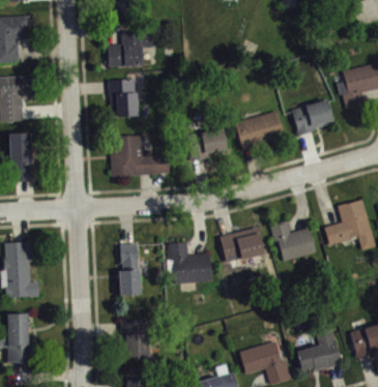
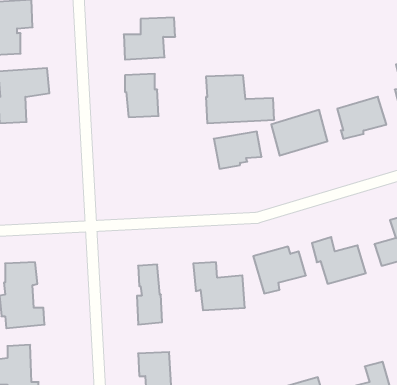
building: [9,132,35,180] -> none
building: [111,136,170,177] -> [206,75,274,123]

